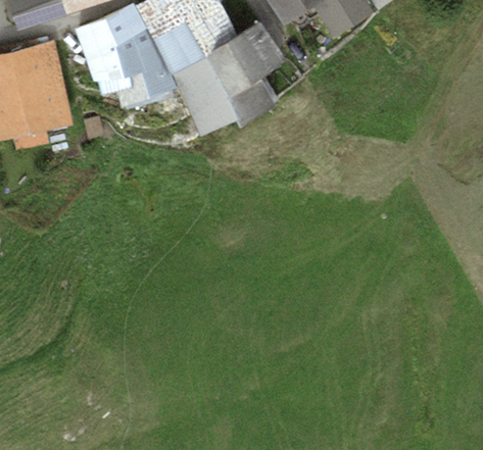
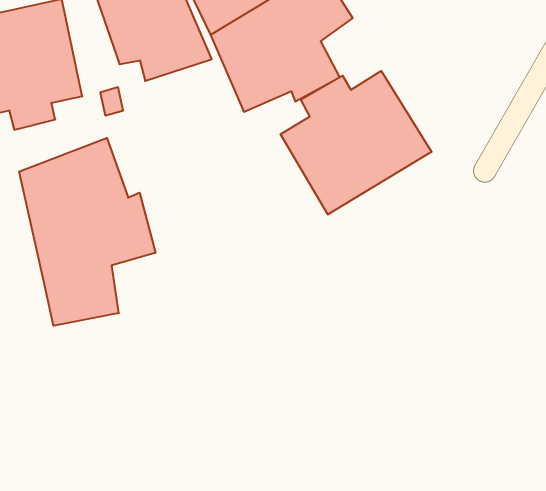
building: none -> [280,71,432,215]
building: none -> [19,138,155,326]

